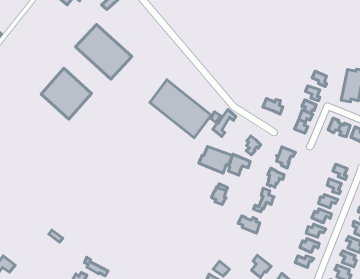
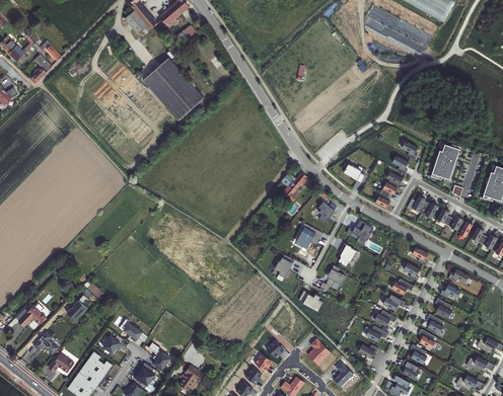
building: [41,68,92,119] -> none
building: [150,80,211,138] -> none
building: [199,146,232,173] -> none

